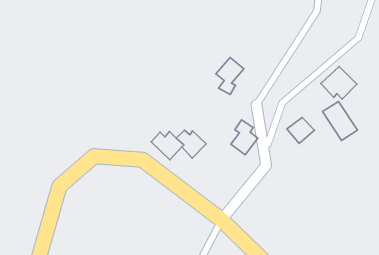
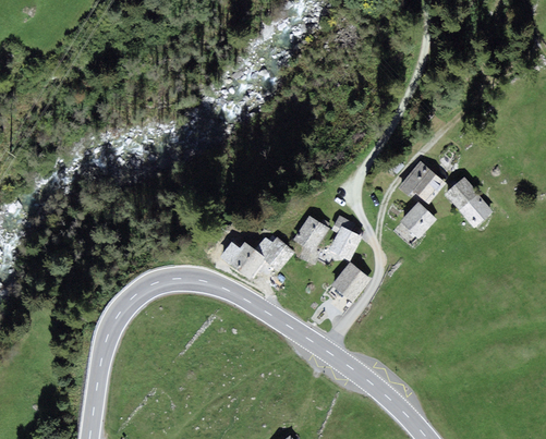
building: [216,57,244,94] -> [292,215,328,264]
building: [321,67,357,99] -> [398,161,446,204]
building: none -> [330,261,371,302]

